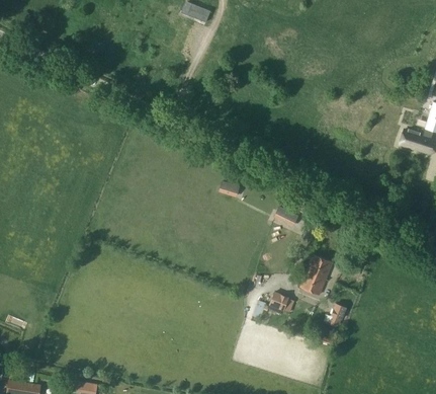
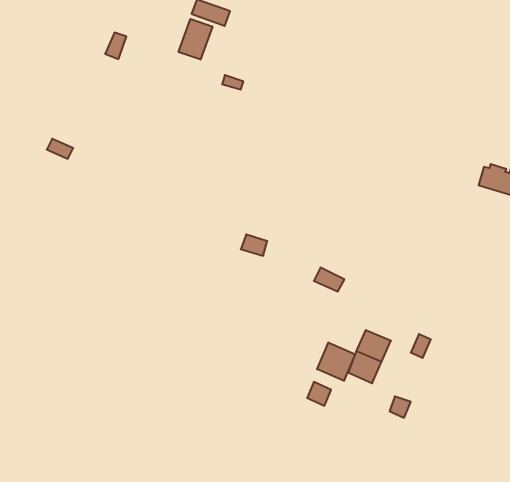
building: none -> [179,19,212,60]
building: none -> [317,342,355,381]

